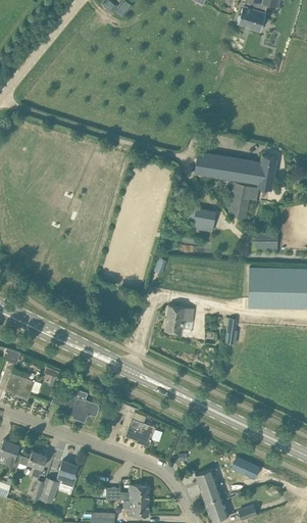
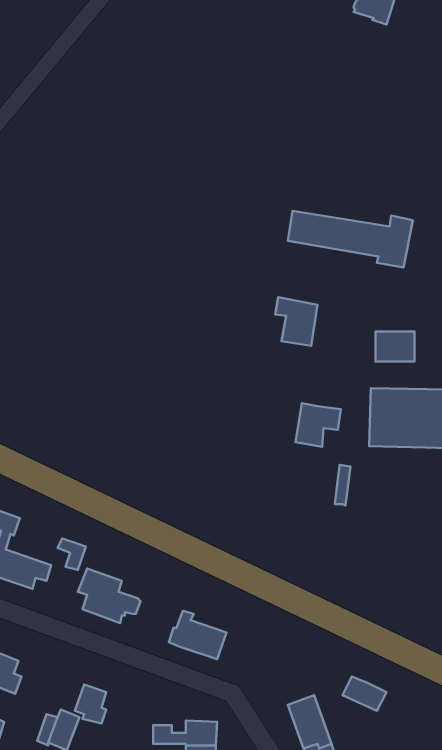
building: [228,184,258,219] -> none
building: [164,305,194,334] -> [295,403,341,447]
building: [17,450,47,479] -> none

